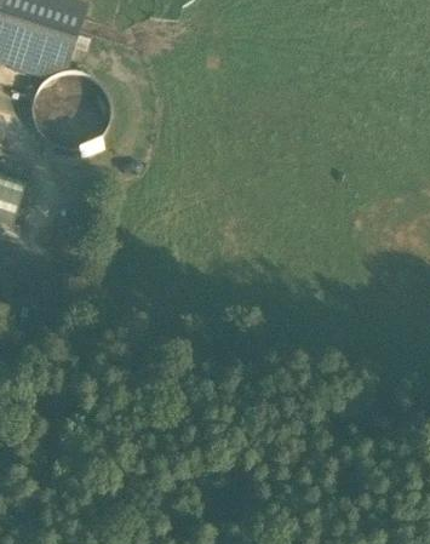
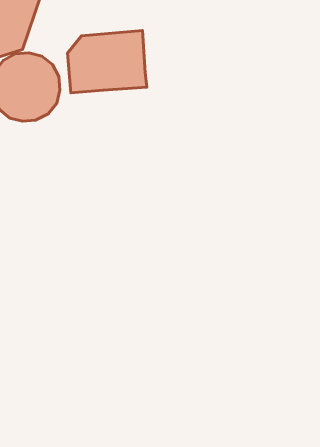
building: none -> [67,31,147,93]

